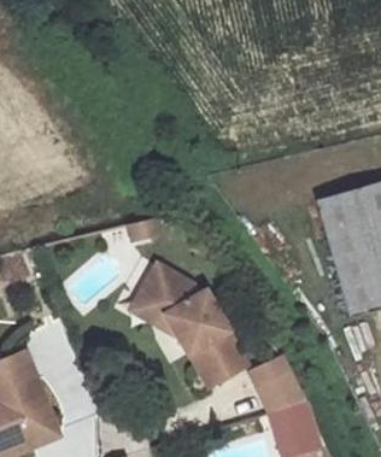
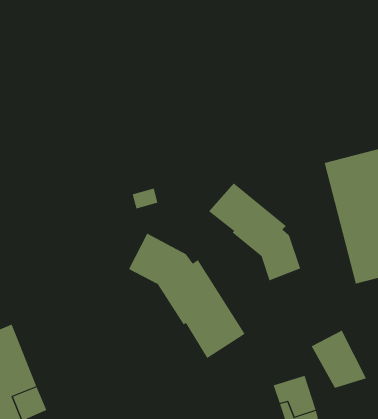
building: none -> [208,182,301,281]
building: [248,356,303,412] -> [311,330,367,389]

